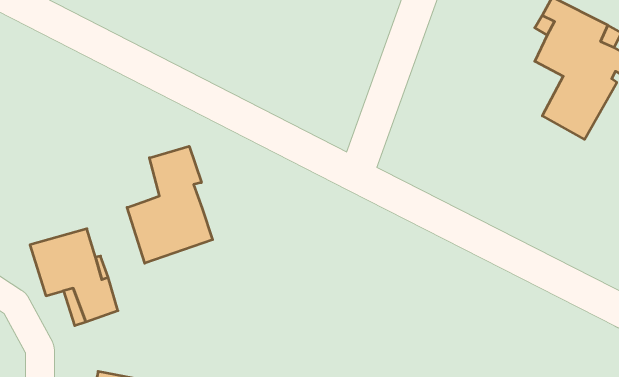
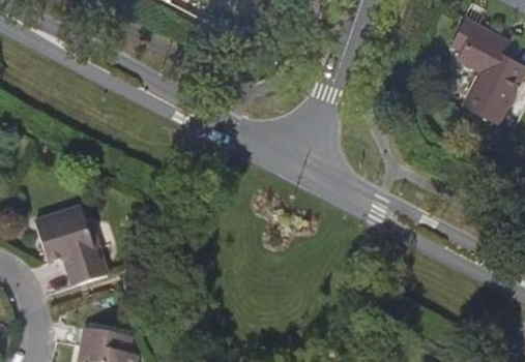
building: [127,146,213,263] -> none

